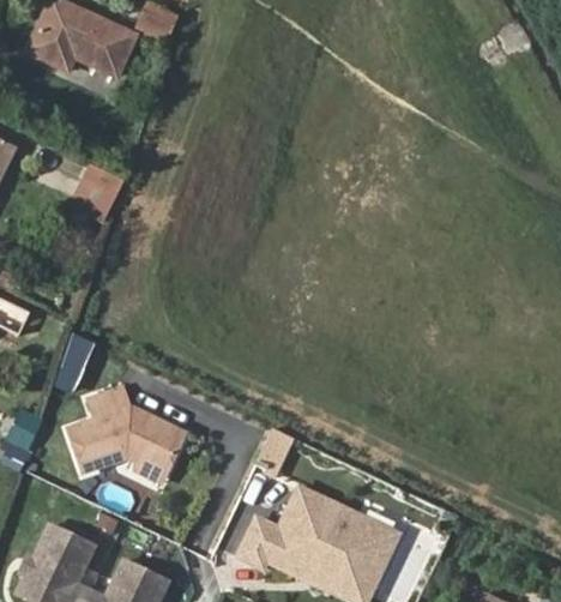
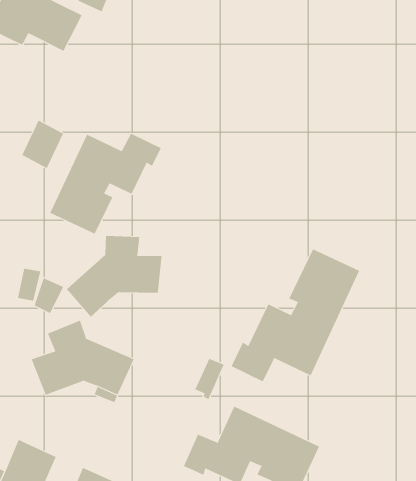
building: none -> [50,133,161,234]
building: none -> [66,235,162,317]
building: none -> [231,249,360,382]

